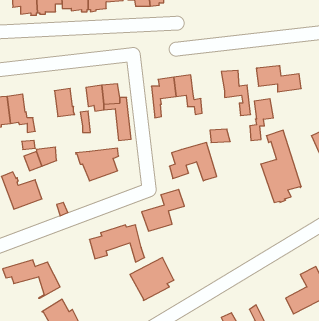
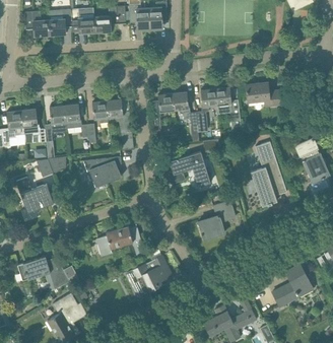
building: none -> [45,106,67,142]
building: [250,99,273,141] -> [196,88,217,126]
building: [142,189,184,231] -> [197,202,236,239]

